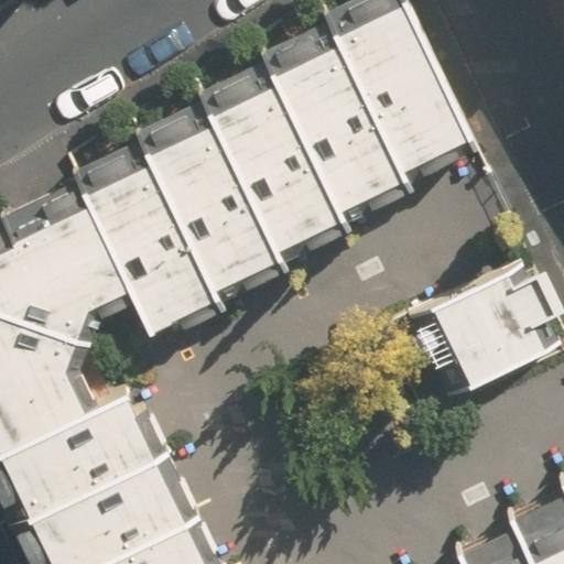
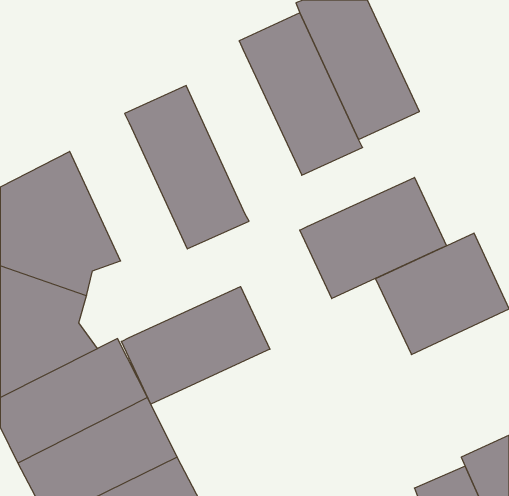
building: [202,69,338,251] -> none
building: [77,151,213,332] -> none
building: none -> [300,177,446,299]
building: none -> [121,287,270,404]

